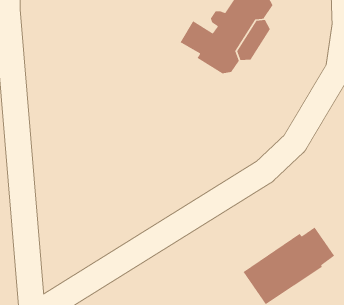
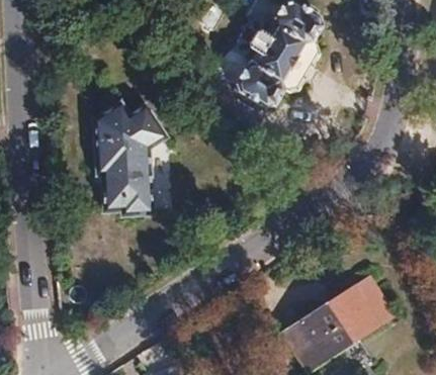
building: none -> [92,102,167,216]

